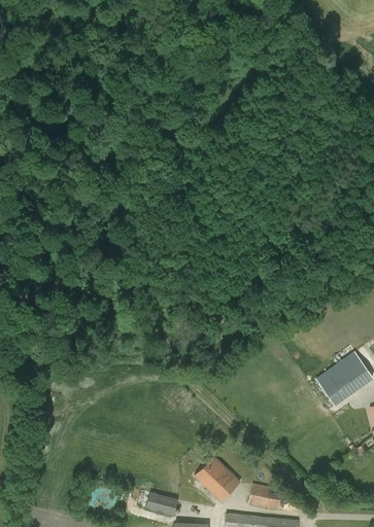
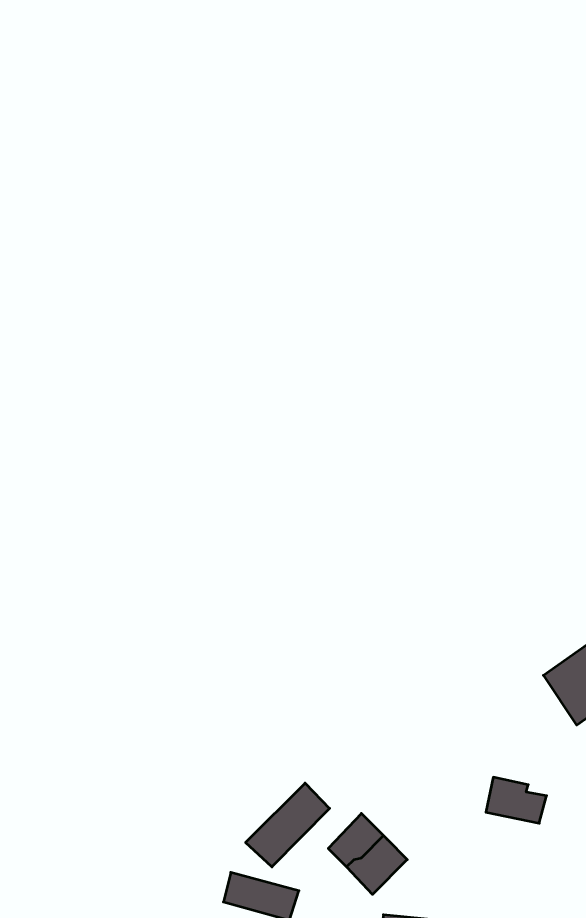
building: none -> [246,783,330,867]
building: [247,485,281,511] -> [486,777,547,823]

